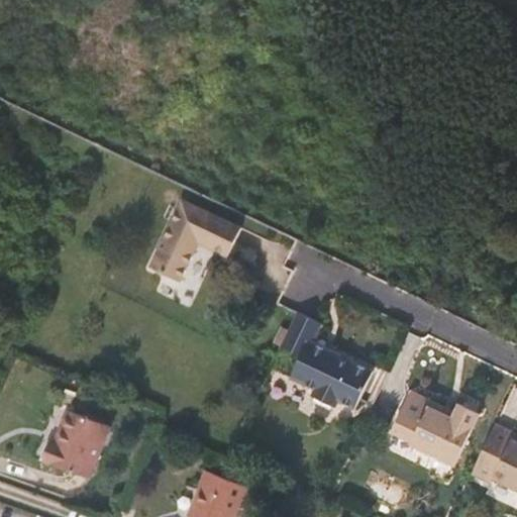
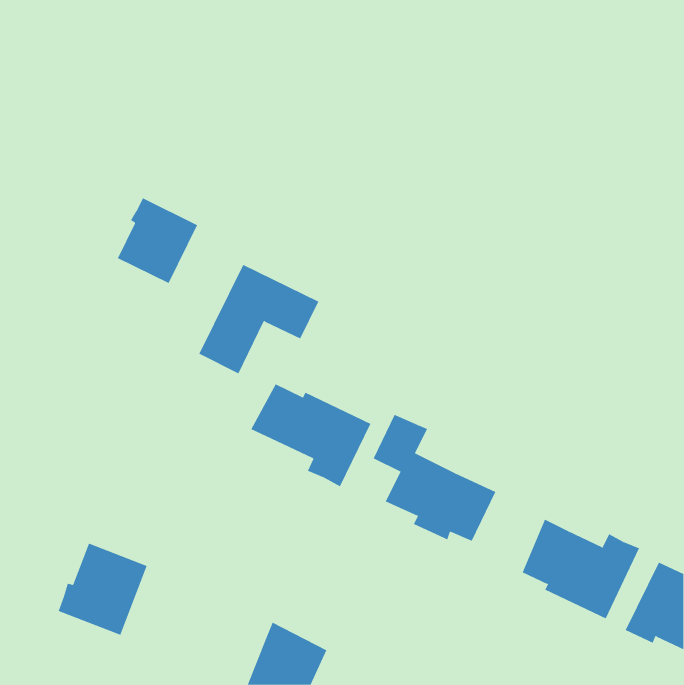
building: none -> [117,198,198,284]
building: none -> [251,384,371,487]

